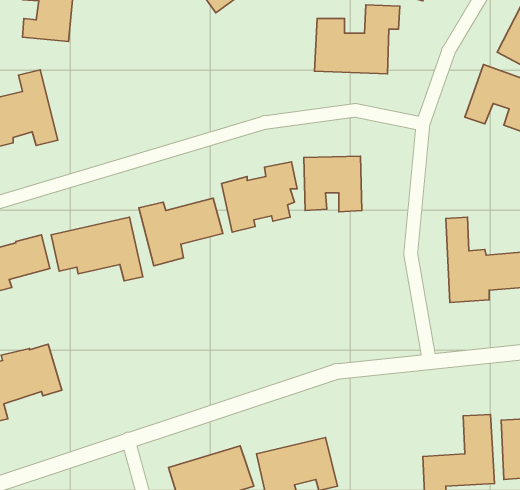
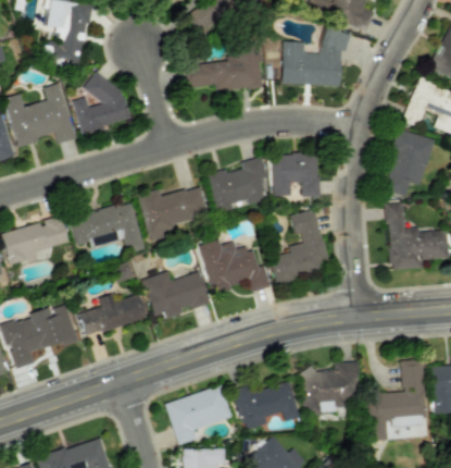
building: none -> [185,42,264,91]
building: none -> [73,75,131,132]
building: none -> [386,128,435,197]
building: none -> [271,210,329,281]
building: none -> [200,239,271,293]
building: none -> [142,271,210,319]
building: none -> [78,294,147,336]
building: none -> [302,361,361,414]

